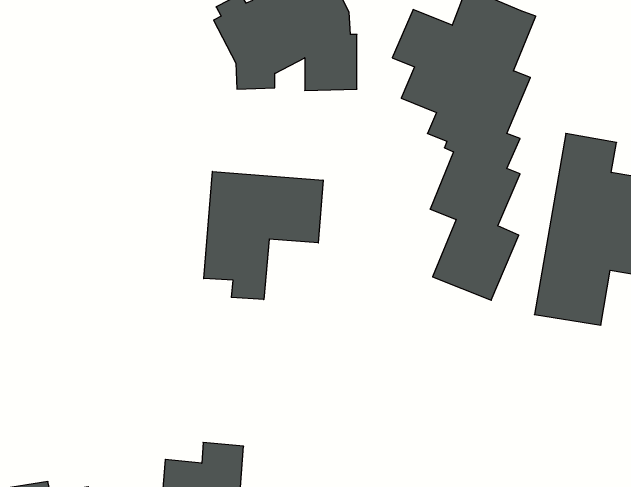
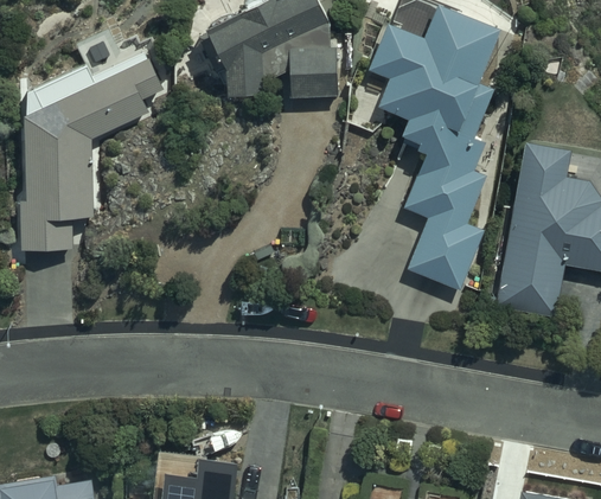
building: none -> [21,50,167,251]
building: [204,171,323,300] -> none

